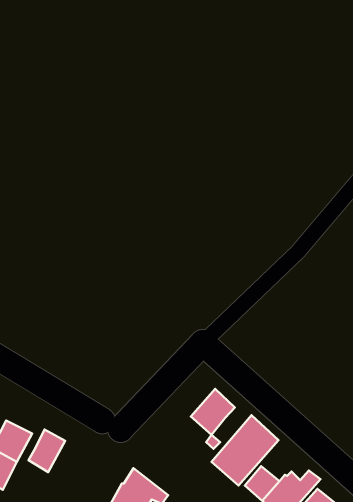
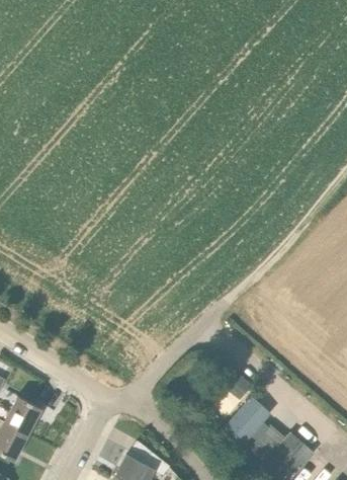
building: [191,389,235,435] -> none
building: [28,430,65,472] -> none

